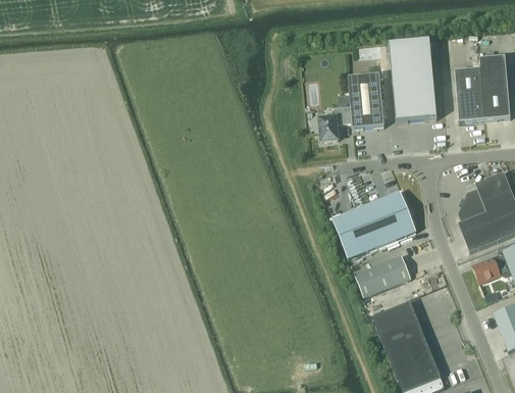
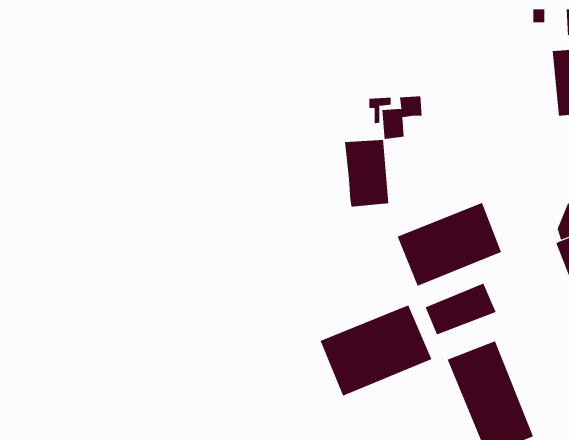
building: [389,40,436,120] -> none
building: [348,73,383,128] -> [344,139,389,207]
building: none -> [320,304,432,397]

